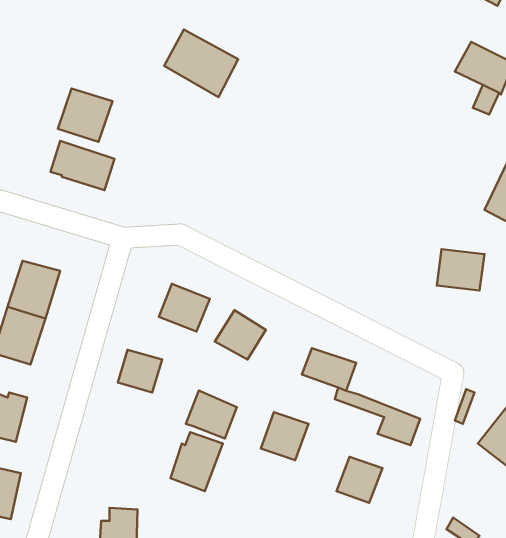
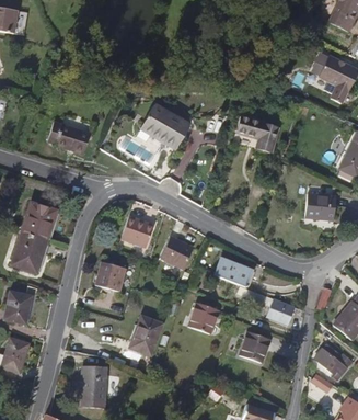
building: [164,30,238,97] -> [140,105,189,150]
building: [58,88,112,142] -> none
building: none -> [236,115,278,151]
building: [186,391,237,439] -> none
building: none -> [315,348,347,378]

